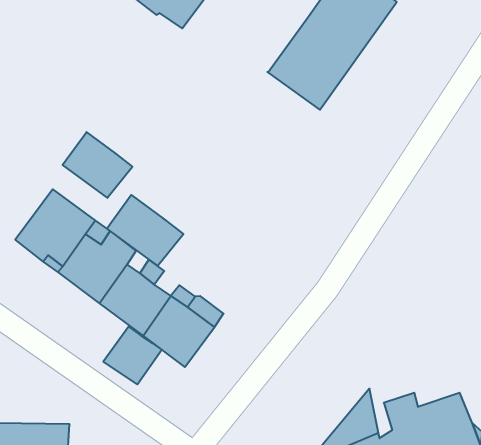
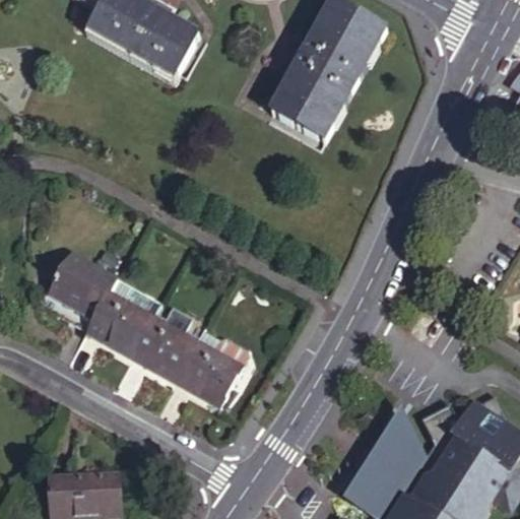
building: [63,132,132,198] -> none
building: [107,195,183,266] -> none
building: [103,326,162,384] -> none

